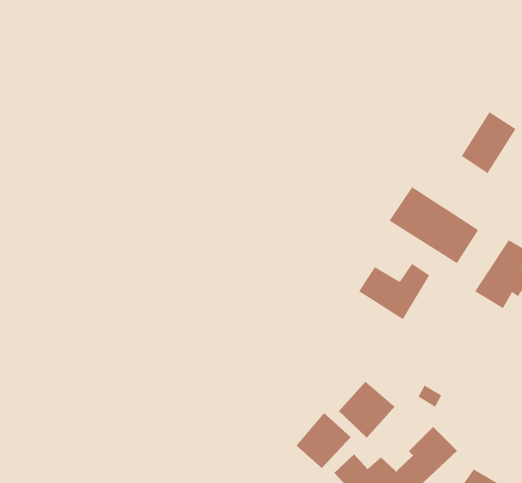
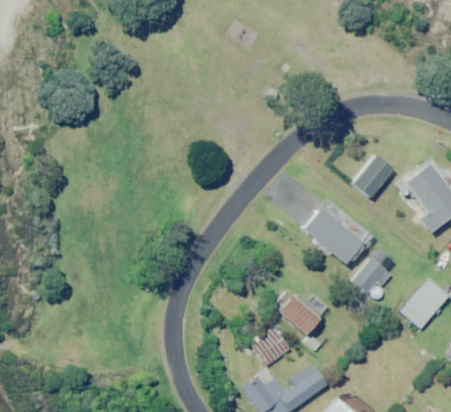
building: [358,263,430,320] -> [277,291,327,329]
building: [296,412,351,469] -> none

